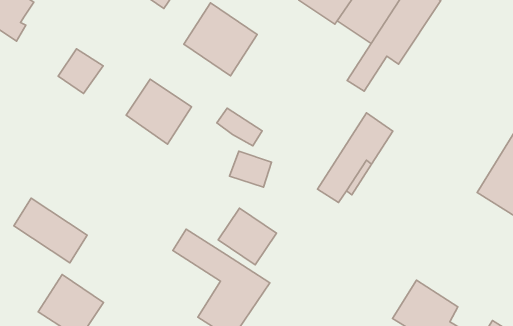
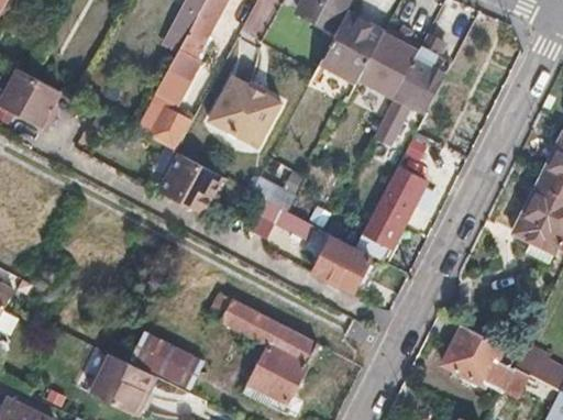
building: [58,49,103,93] -> [147,107,190,150]
building: [14,198,87,263] -> [131,329,203,388]
building: [218,208,276,265] -> [313,237,369,291]

